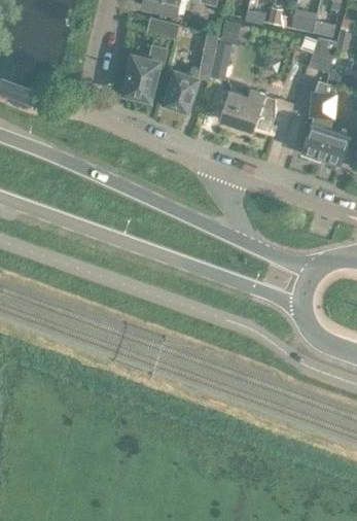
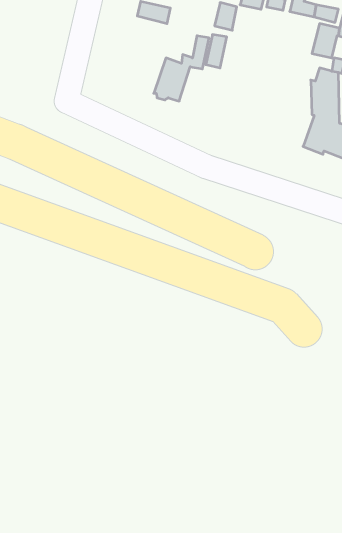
building: [123,44,168,99] -> none
building: [220,89,277,131] -> none

